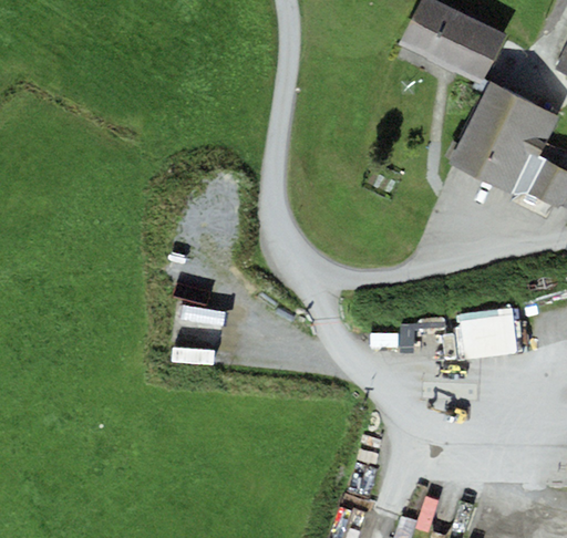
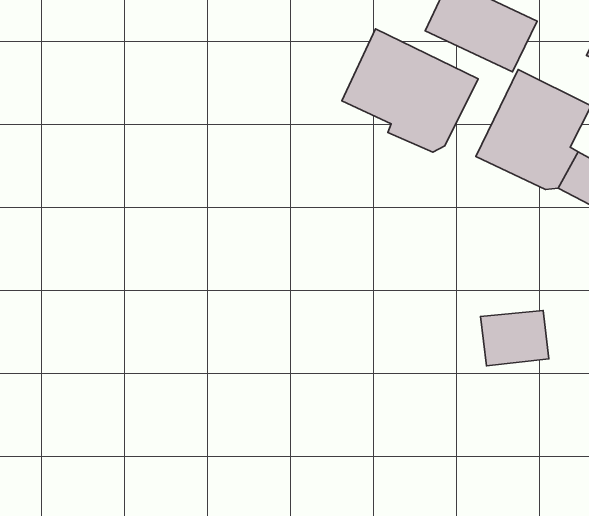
building: none -> [342,29,478,152]

